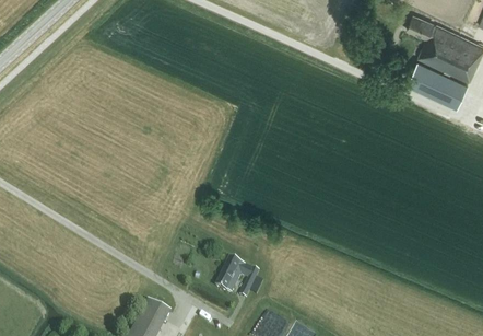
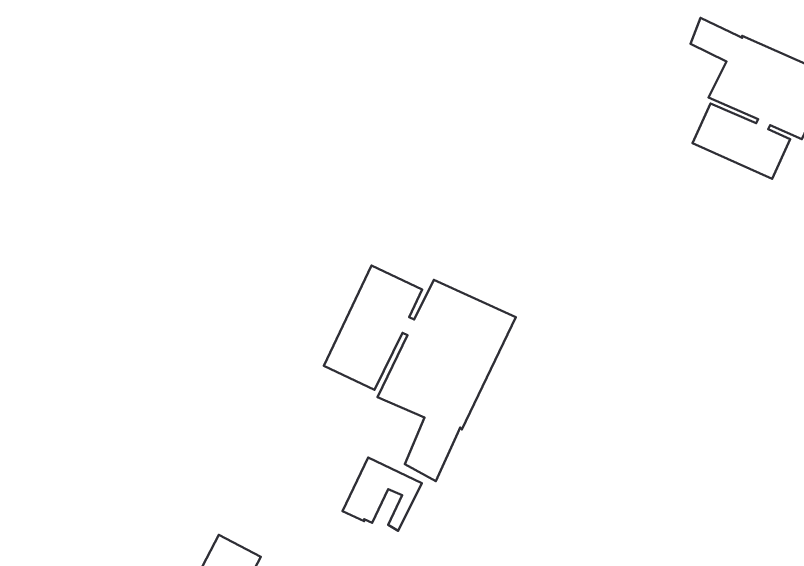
building: none -> [324,266,516,481]

